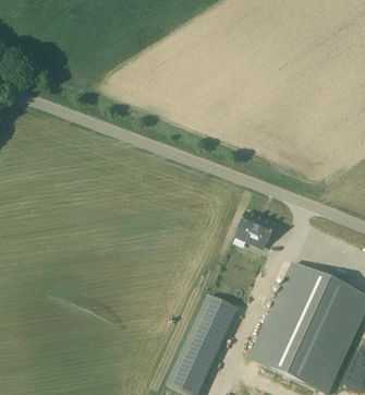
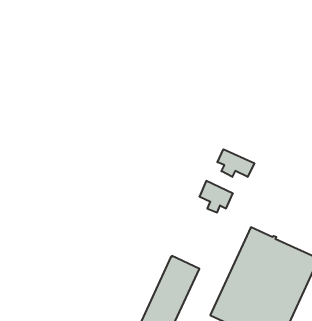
building: none -> [217,149,254,177]

